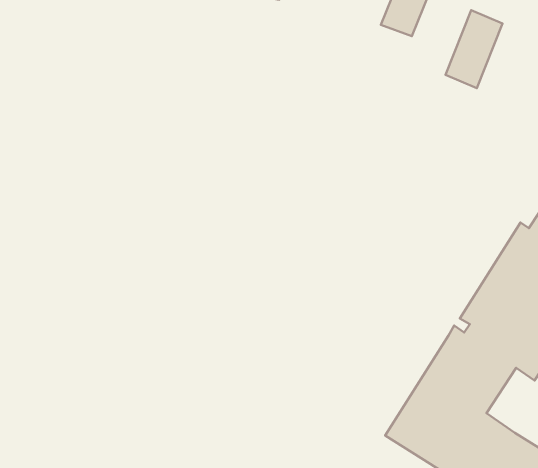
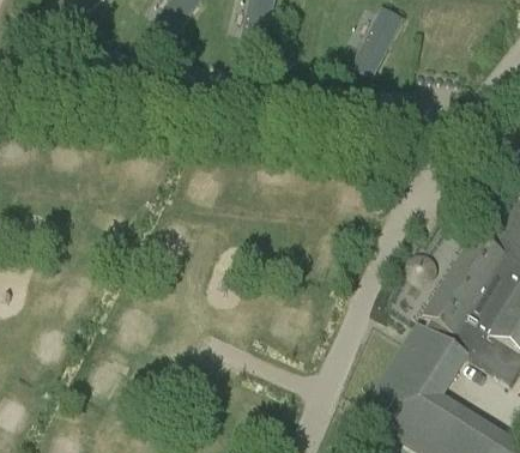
building: [445,10,503,88] -> none

